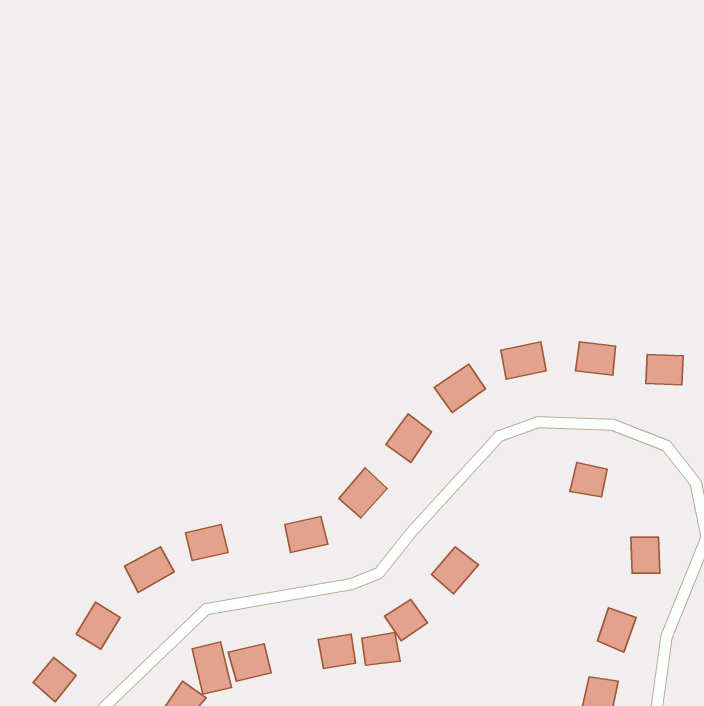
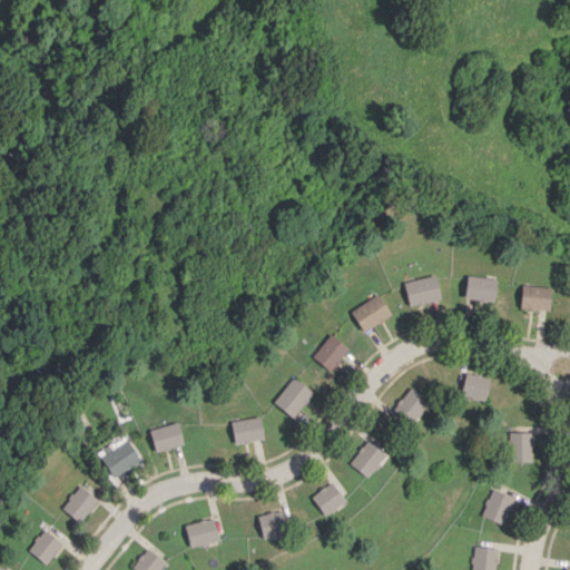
building: none -> [392,389,429,426]
building: [362,633,400,665] -> none
building: [192,642,231,694] -> none

